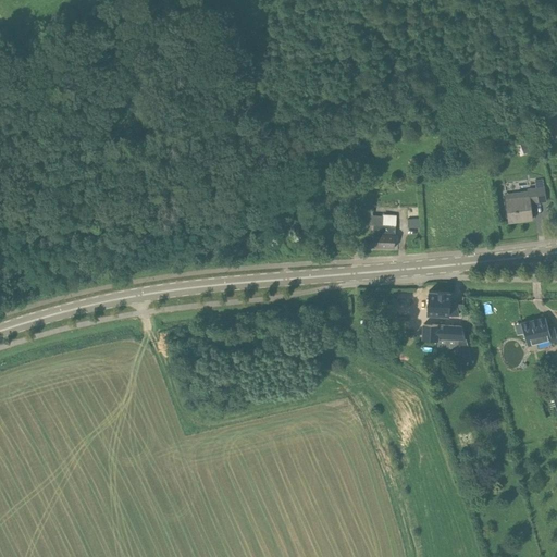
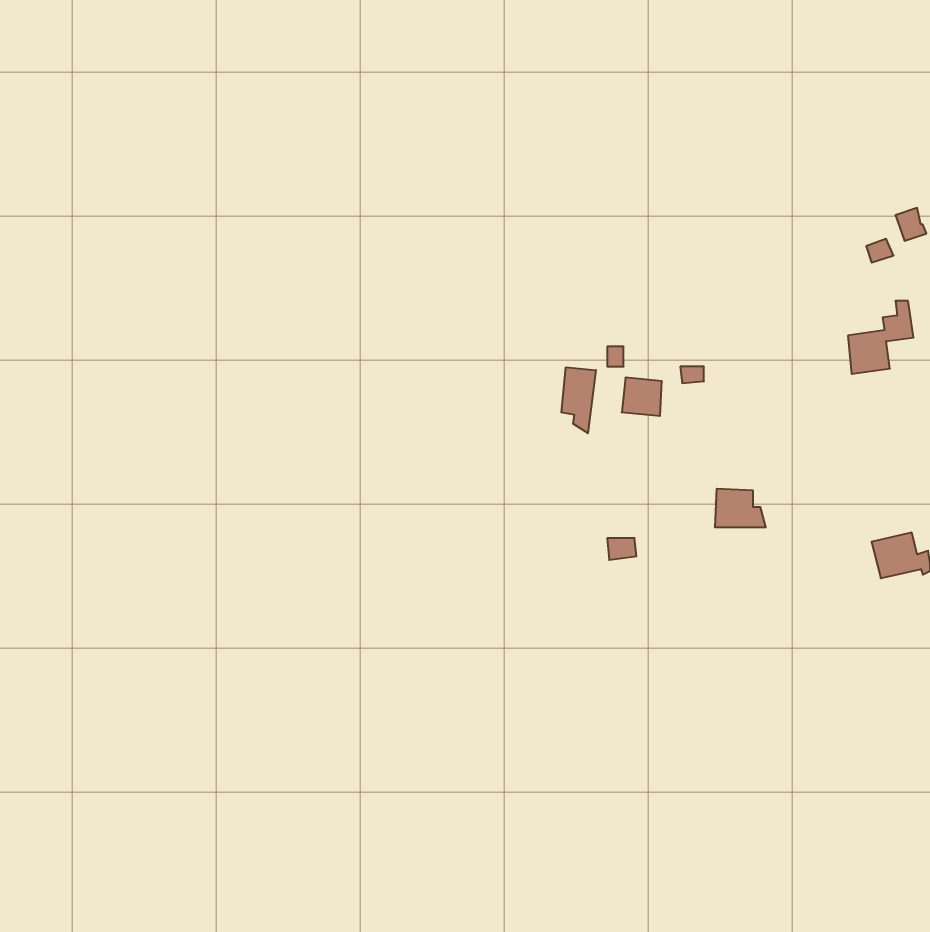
building: none -> [562,367,596,433]
building: [420,324,470,362] -> none

